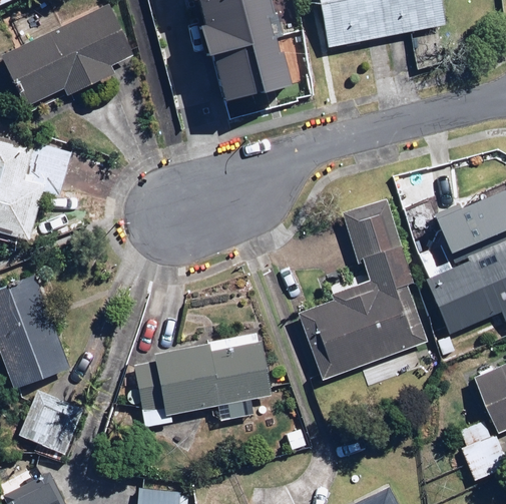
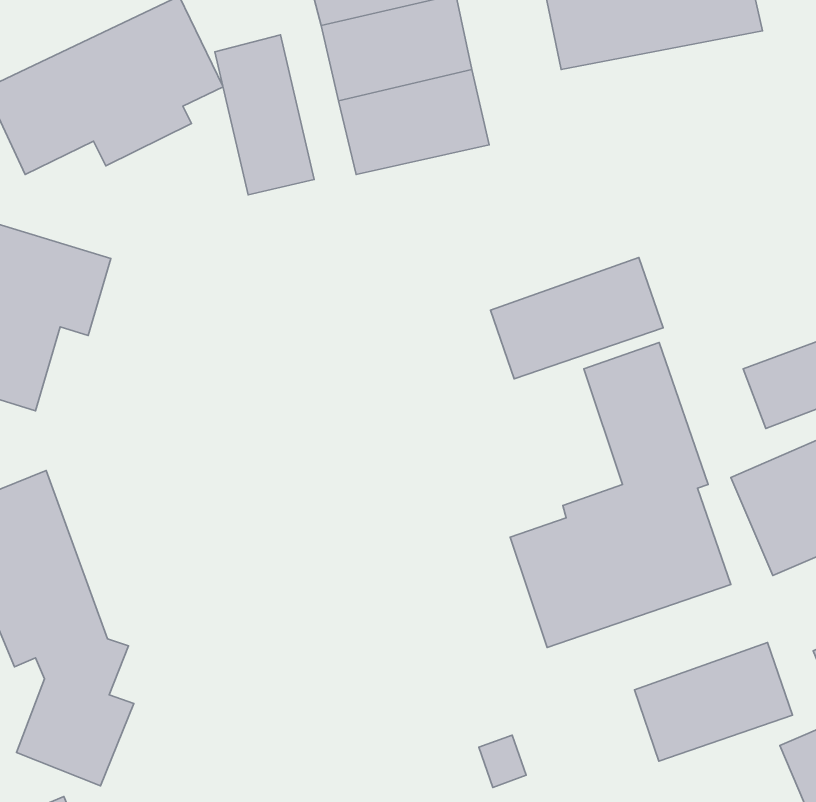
building: none -> [215,35,314,195]
building: none -> [491,258,663,379]
building: [135,331,273,429] -> none
building: none -> [635,643,793,761]

